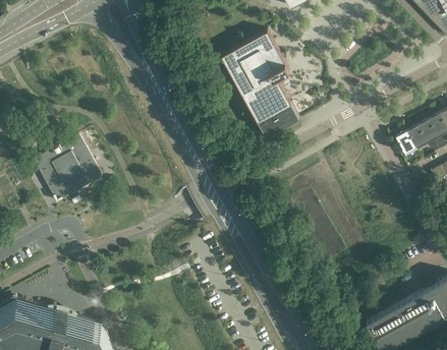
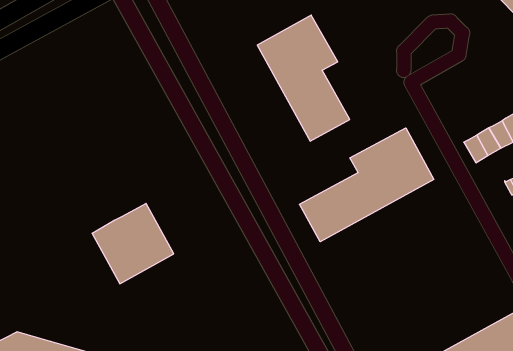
building: none -> [299,128,434,242]
building: [34,137,103,206] -> [92,203,174,284]

